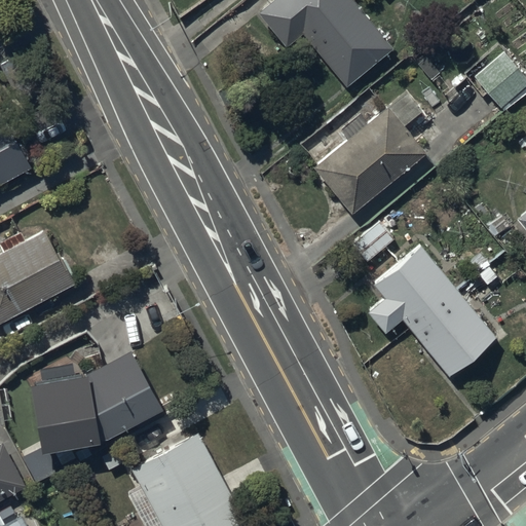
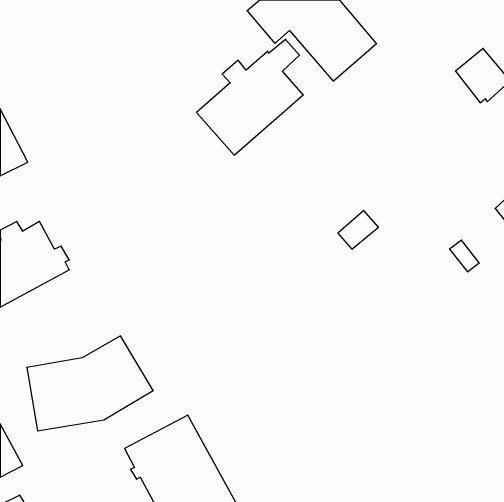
building: [313,95,424,215] -> [197,39,303,155]
building: [368,246,497,378] -> none

